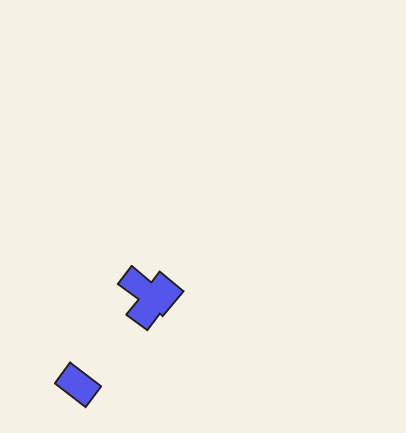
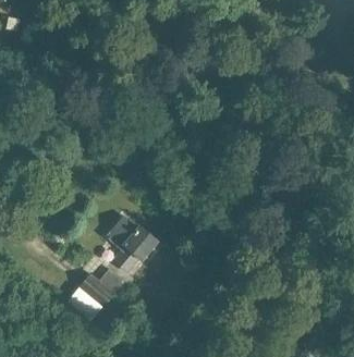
building: none -> [77,268,125,308]

